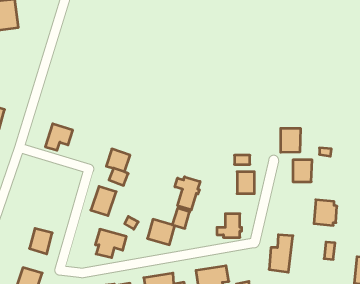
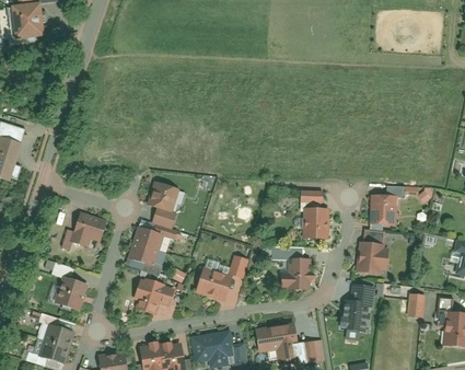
building: [45,124,73,150] -> [72,212,105,244]
building: [281,128,300,152] -> none
building: [175,177,200,210] -> none
building: [314,200,337,225] -> [360,241,387,271]

